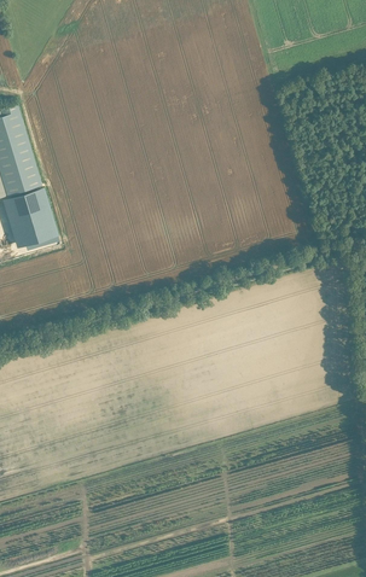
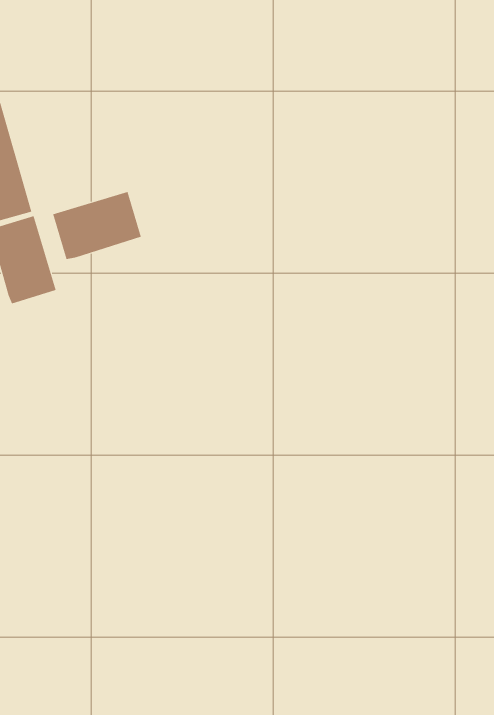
building: none -> [53,191,142,260]

